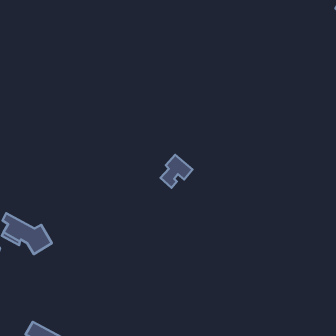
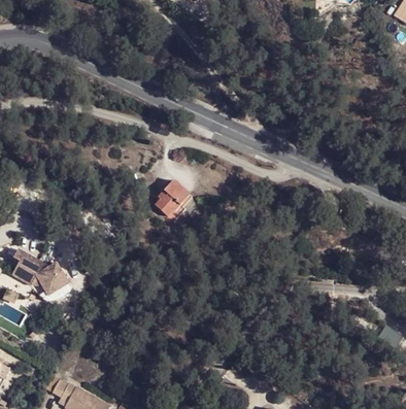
building: [160,155,192,188] -> [156,177,192,214]

